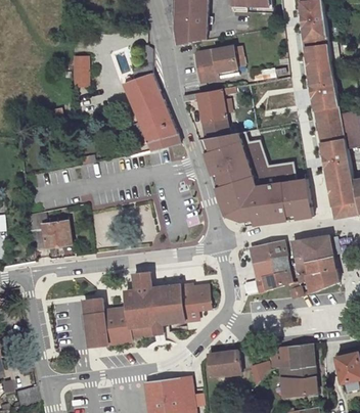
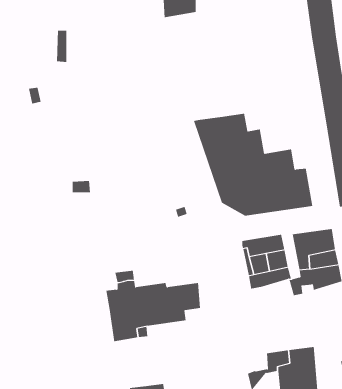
building: [201,45,244,81] -> none
building: [122,73,179,149] -> none
building: [180,86,234,137] -> none
building: [31,218,70,249] -> none
building: [84,299,129,348] -> none
building: [208,352,239,376] -> none

